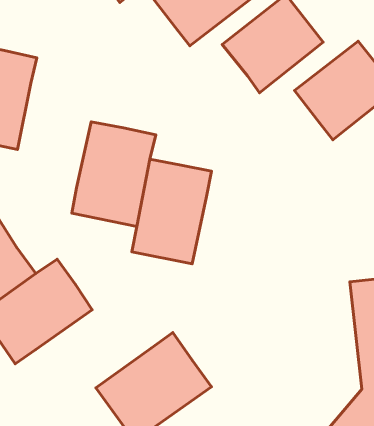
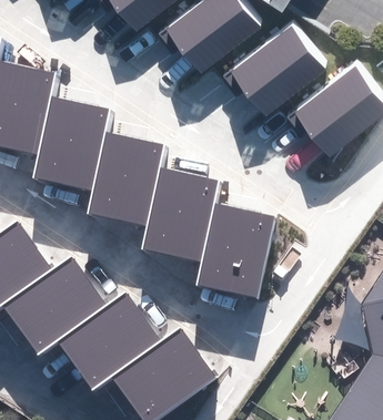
building: none -> [38,99,115,195]
building: none -> [200,203,276,299]
building: none -> [60,294,167,392]

